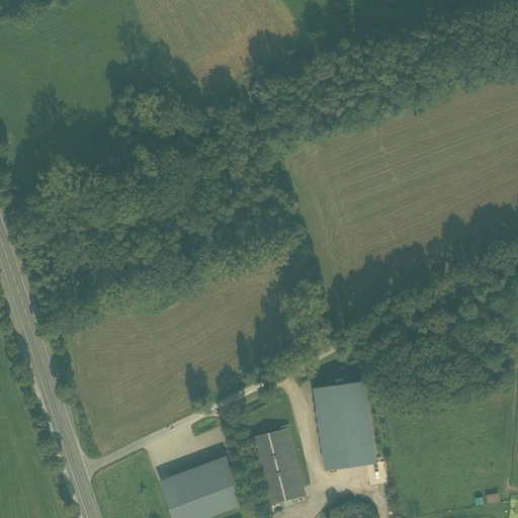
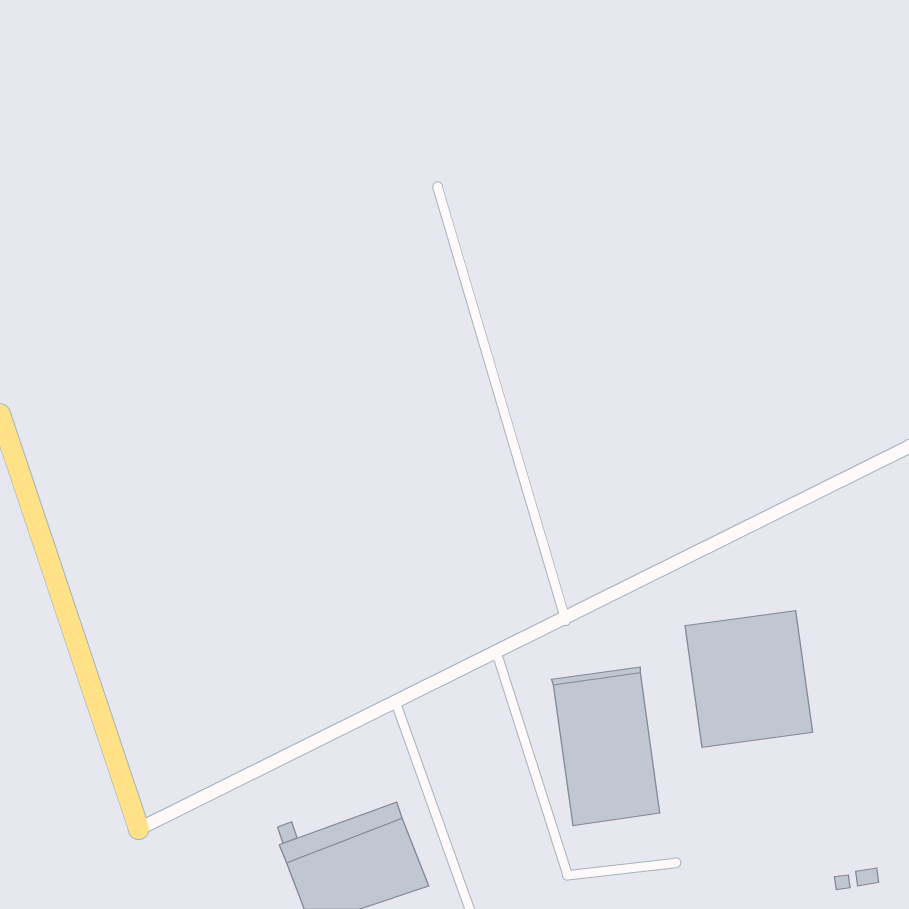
building: none -> [685,610,812,747]
building: [249,429,306,505] -> none

